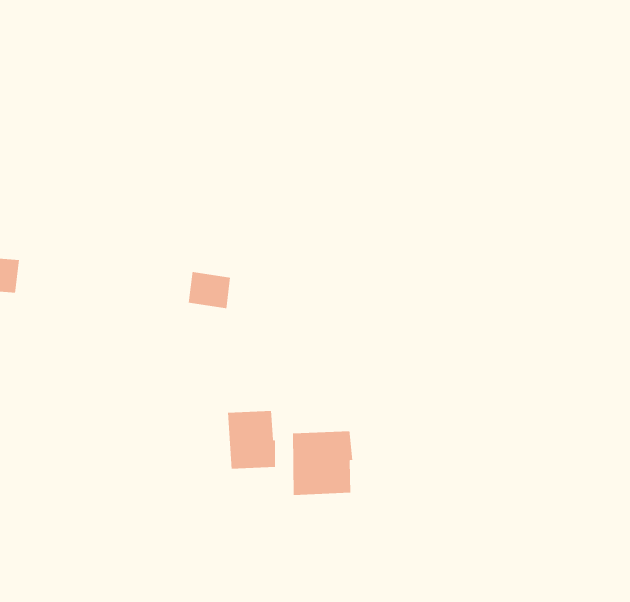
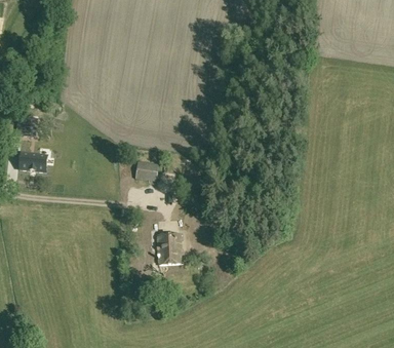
building: [292,430,353,496] -> none

